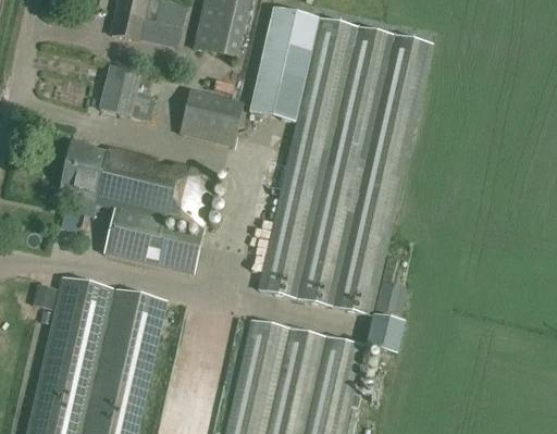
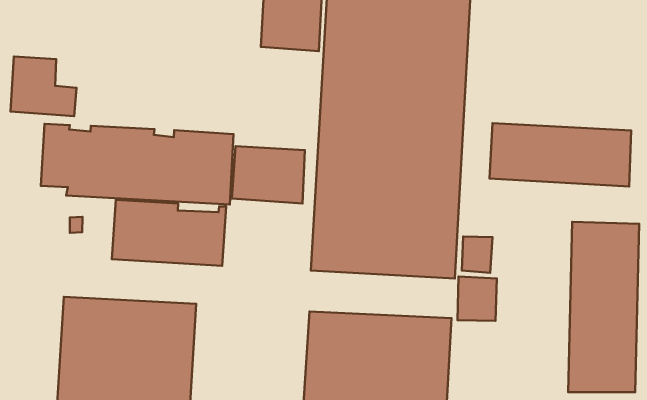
building: [99,65,153,120] -> [11,56,76,116]
building: [178,90,242,144] -> [232,146,305,204]
building: none -> [489,123,631,186]
building: none -> [568,222,639,392]

